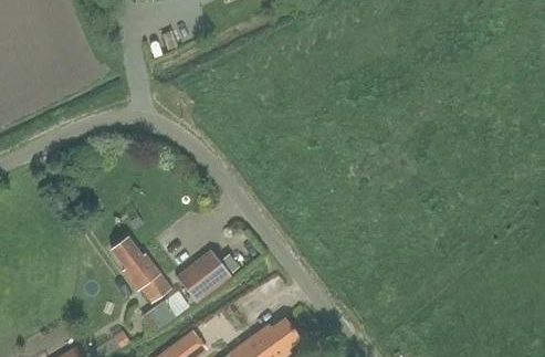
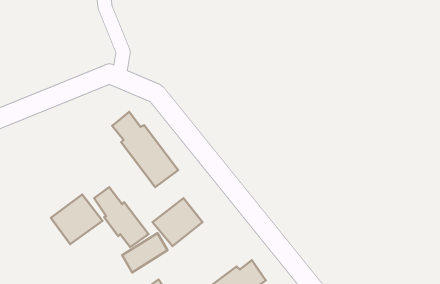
building: none -> [112,112,178,187]
building: none -> [51,194,103,244]

